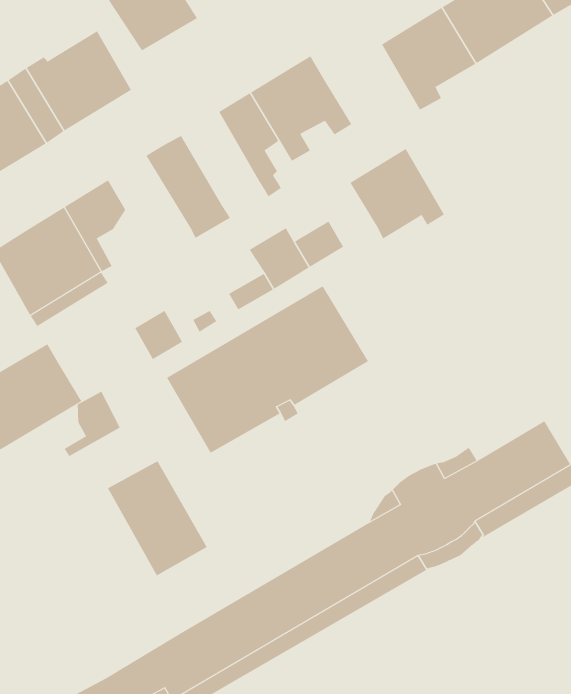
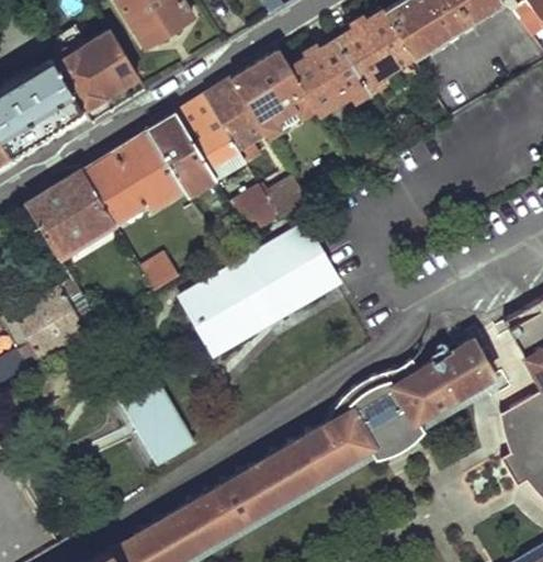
building: none -> [180,92,242,167]
building: [350,148,445,239] -> [294,38,370,111]
building: none -> [113,127,188,215]
building: [64,391,120,457] -> none

